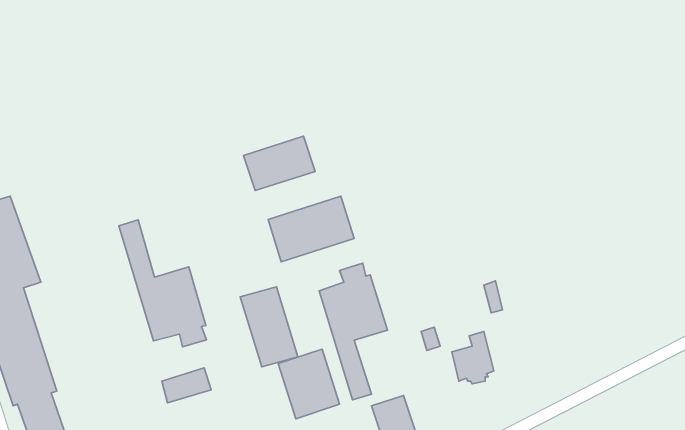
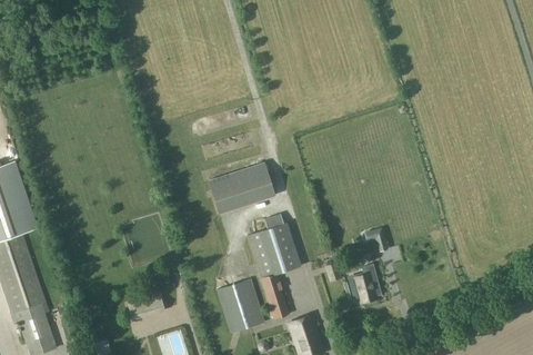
building: [244,136,315,191] -> none
building: [119,220,206,347] -> none
building: [240,287,298,367] -> none

